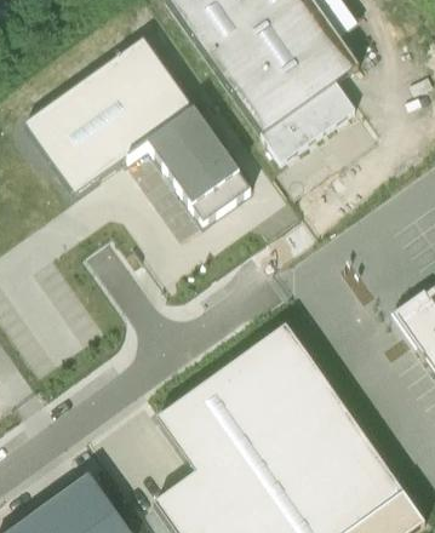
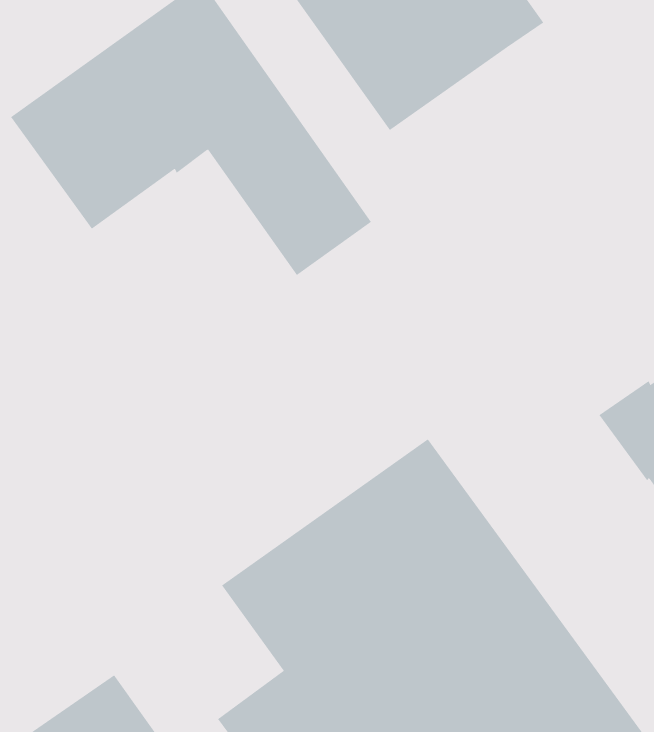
building: [263,81,356,161] -> none

